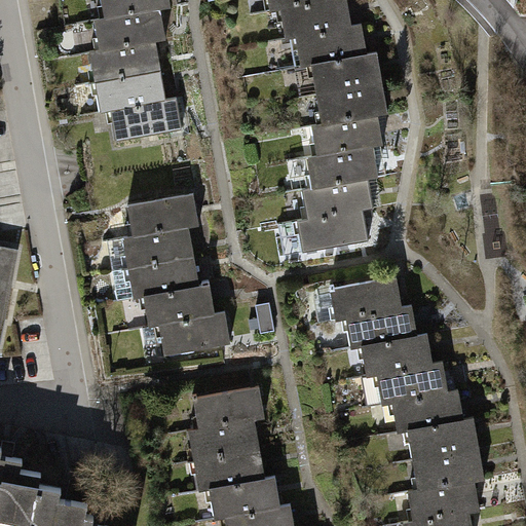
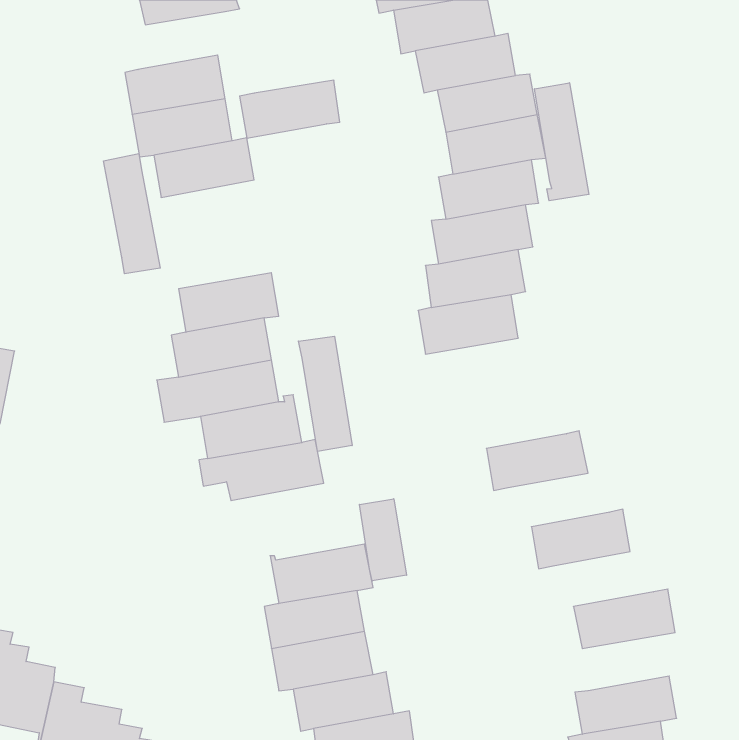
building: [92,9,163,50] -> [240,80,340,138]
building: none -> [535,83,589,201]
building: none -> [104,154,160,274]
building: none -> [298,336,352,452]
building: [328,277,401,320] -> none
building: [360,334,431,376] -> none
building: none -> [359,499,407,581]
building: [391,390,462,433] -> none
building: [412,449,483,490] -> none

